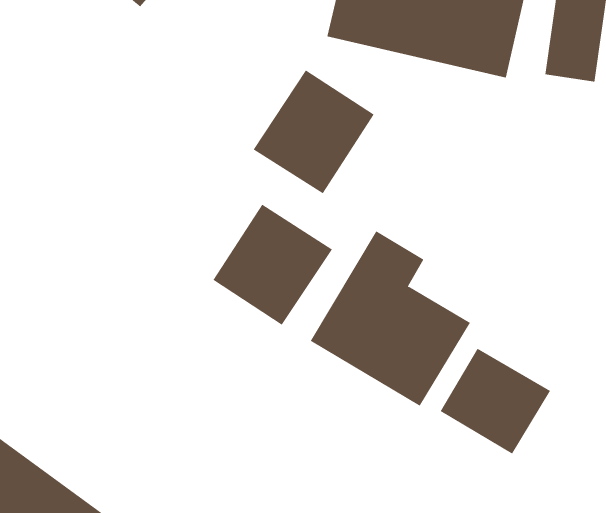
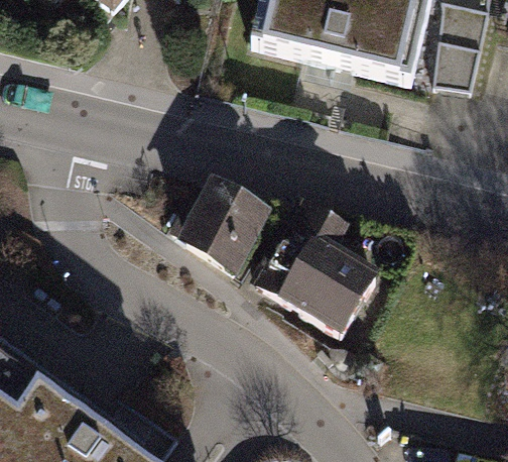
building: [253,70,374,194] -> none
building: [440,348,551,455] -> none

